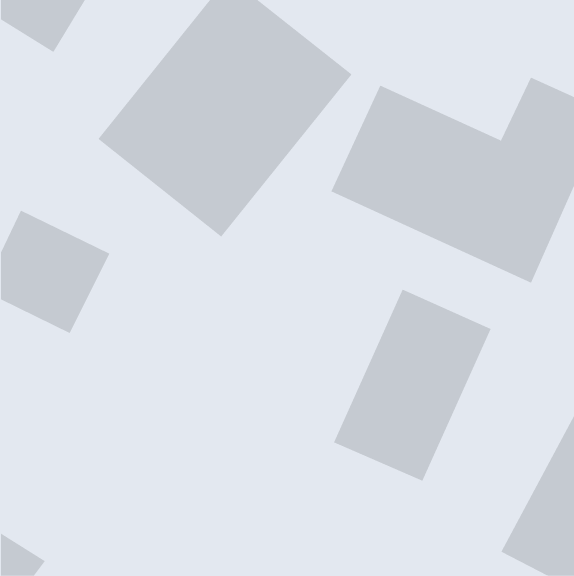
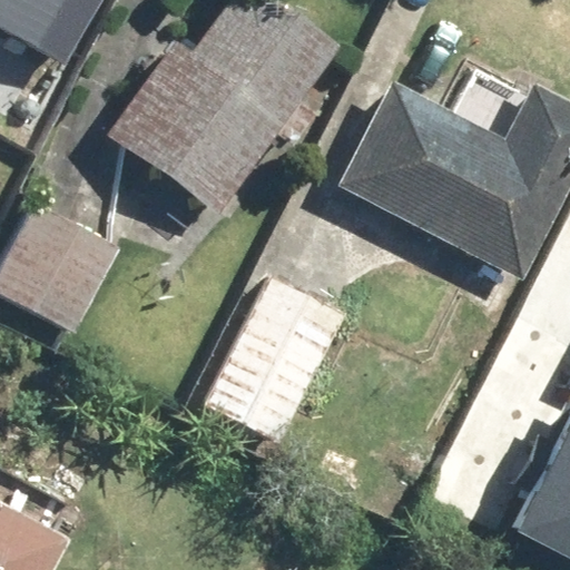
building: [333,289,492,482] -> [205,263,358,450]

